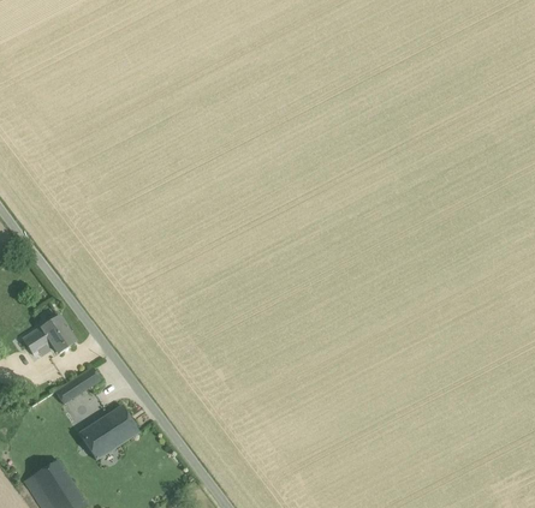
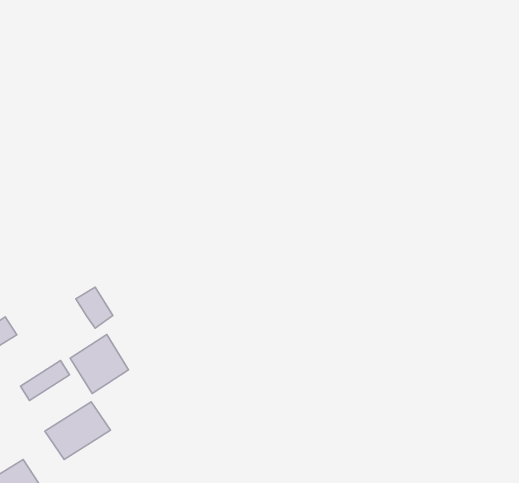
building: [41,316,76,354] -> [76,287,113,328]
building: none -> [70,335,129,393]

